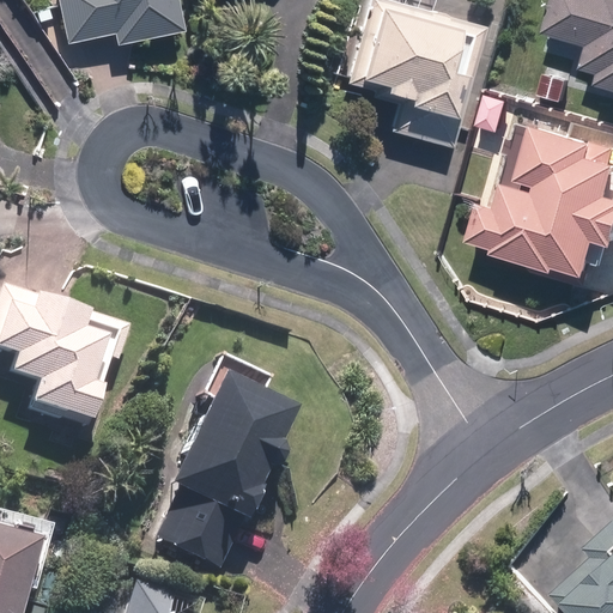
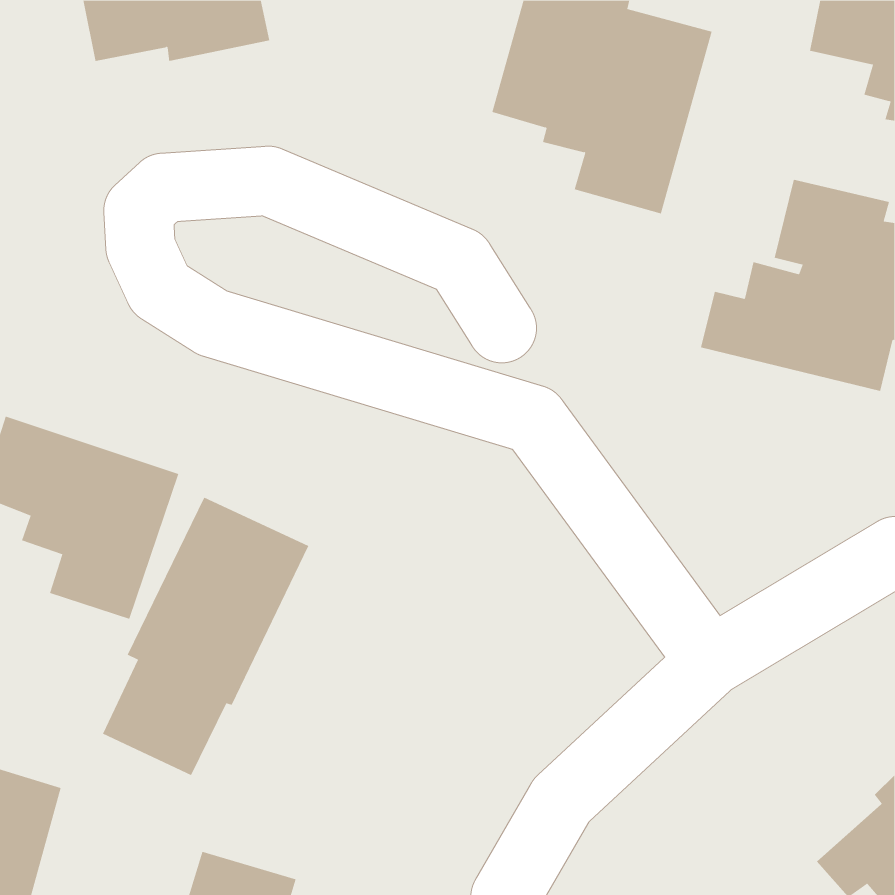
building: [157,374,298,564] -> [102,497,309,776]

